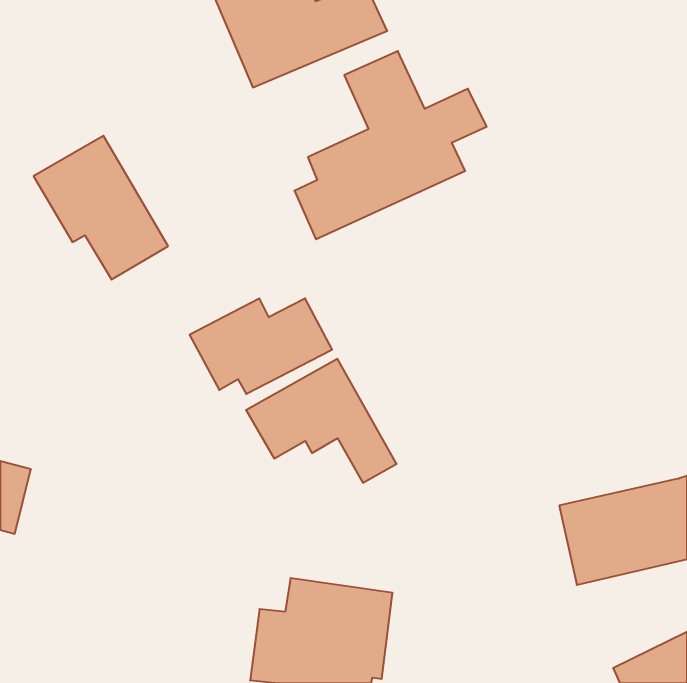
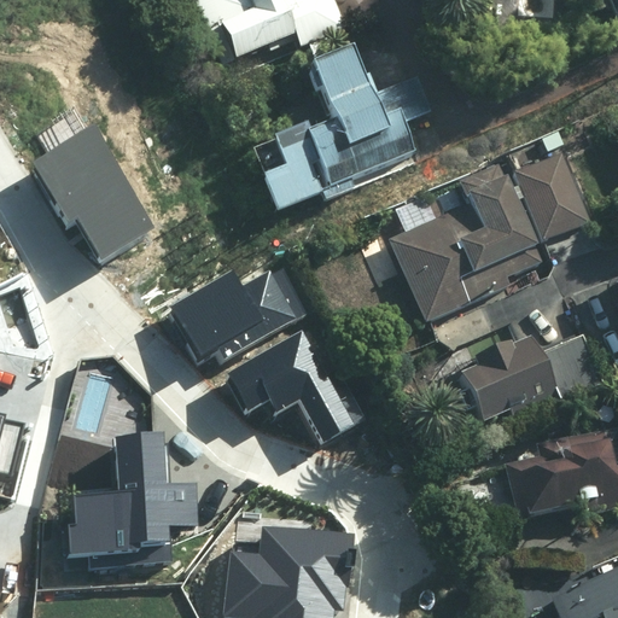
building: none -> [366,157,591,323]
building: none -> [461,337,601,424]
building: none -> [64,437,191,564]

